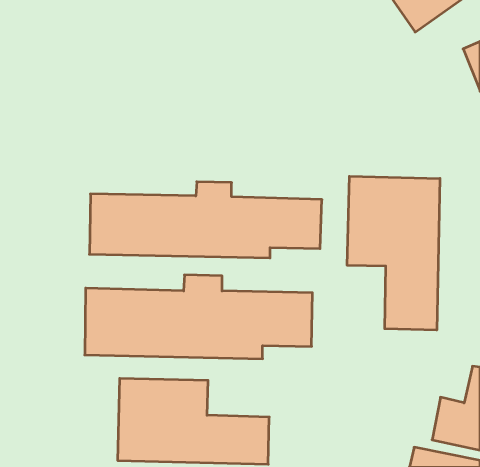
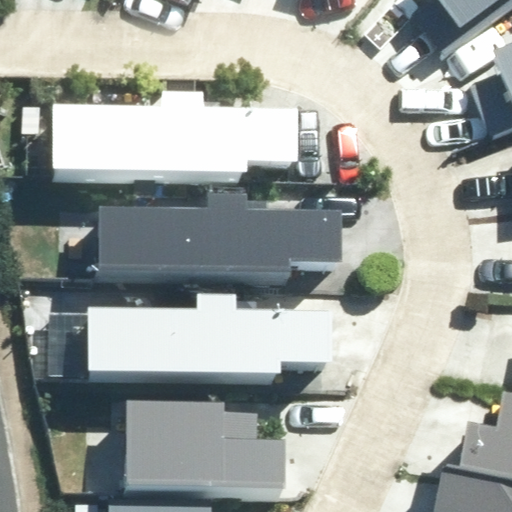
building: none -> [53,92,299,175]
building: [347,176,440,330] -> none

